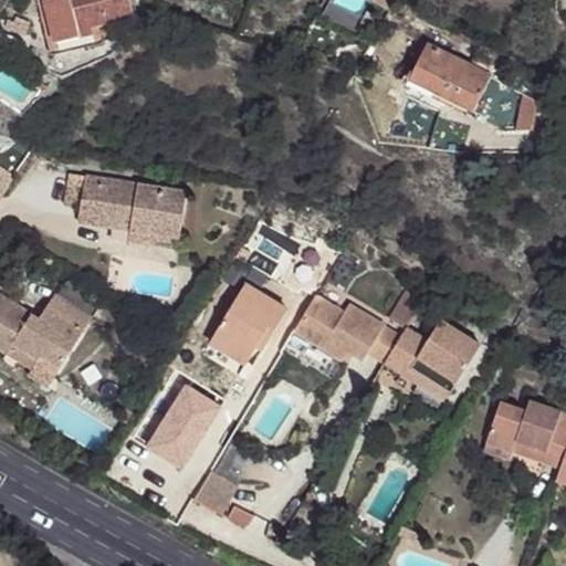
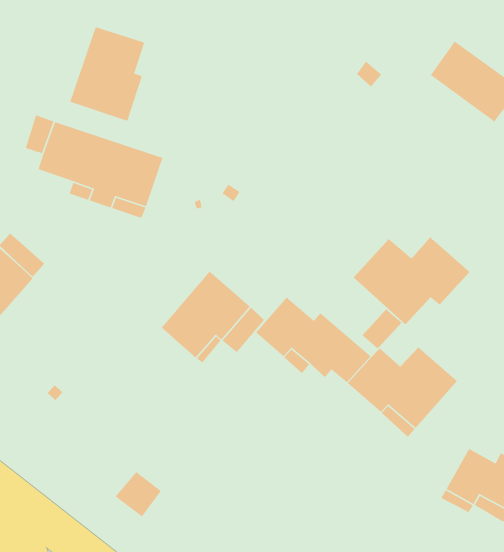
building: none -> [69,26,145,122]
building: none -> [353,236,471,325]
building: [146,384,220,467] -> none

